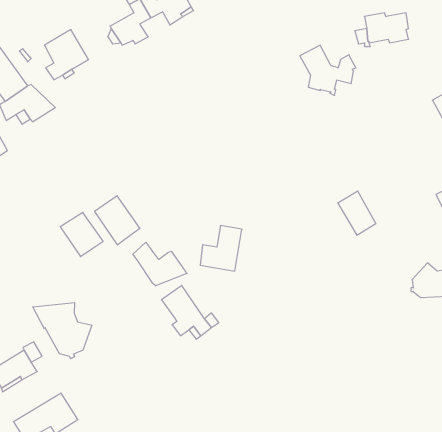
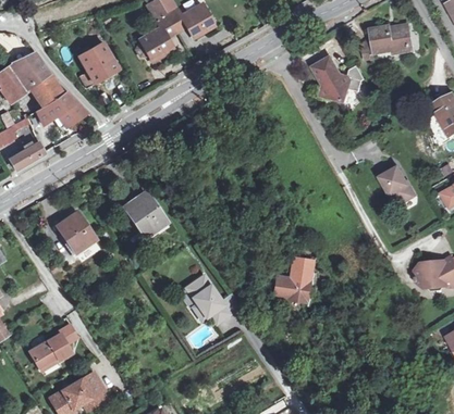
building: [338,191,376,235] -> [379,164,414,204]
building: [60,212,103,257] -> [56,212,95,252]
building: [200,226,242,271] -> [273,258,311,299]
building: [133,242,187,286] -> none
building: [33,303,92,359] -> none

